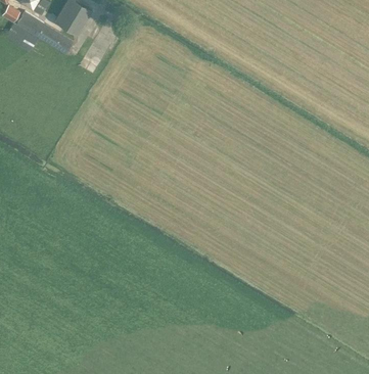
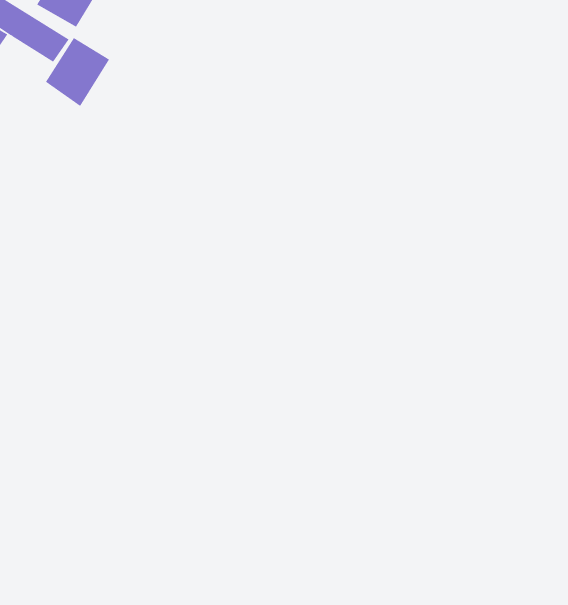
building: none -> [45,37,110,107]

